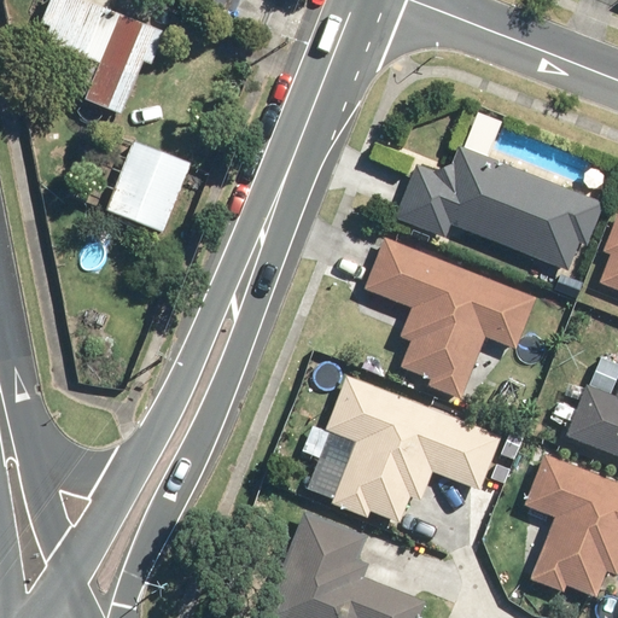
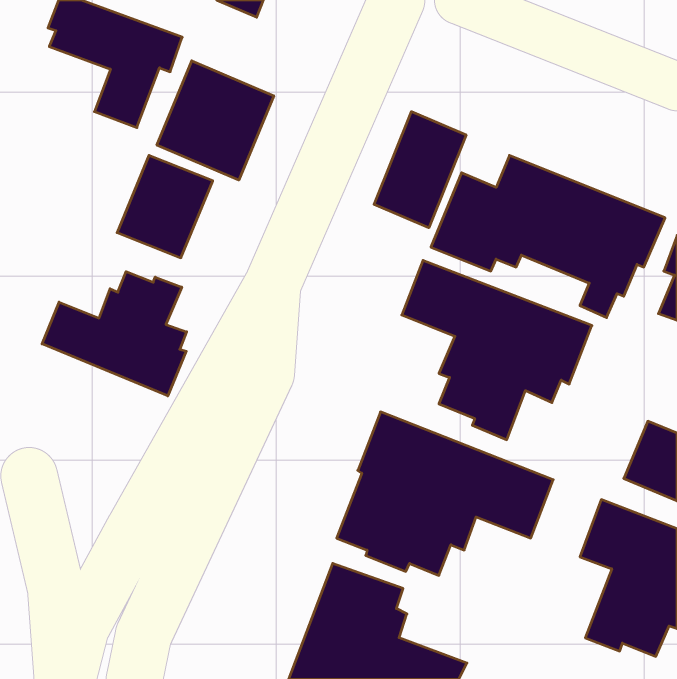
building: none -> [157,61,274,180]
building: none -> [374,112,466,228]
building: none -> [42,272,187,396]

